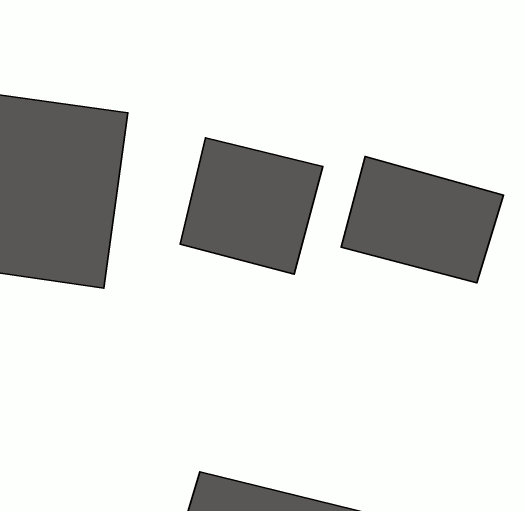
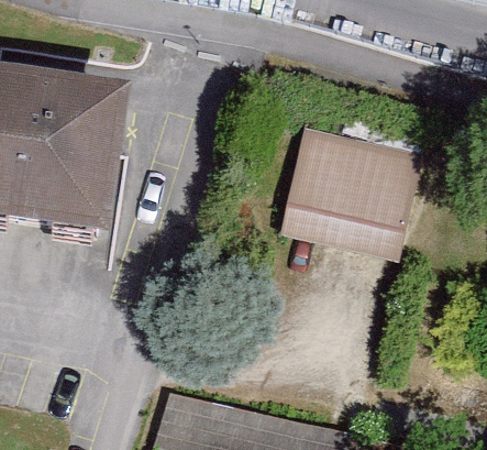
building: [180,138,323,274] -> none

